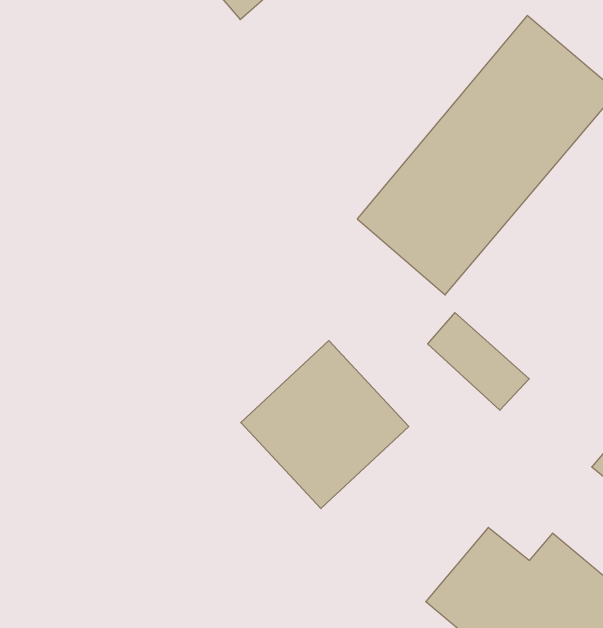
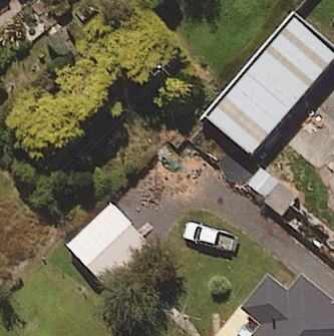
building: [241,341,409,509] -> [64,203,150,289]

